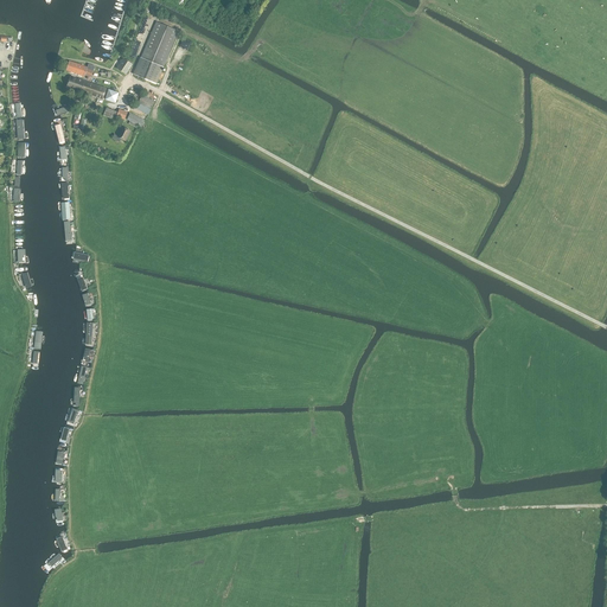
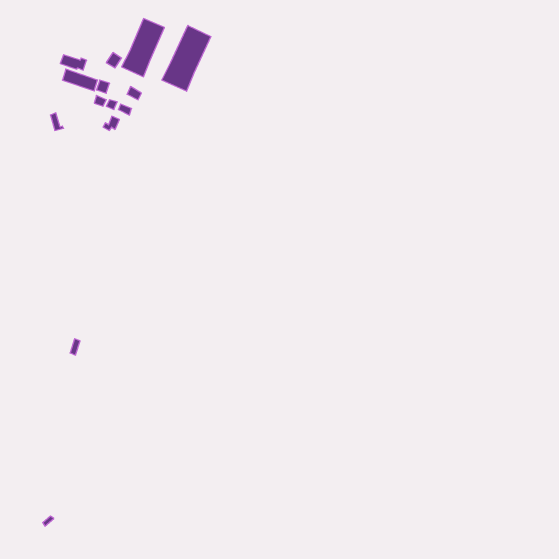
building: none -> [162,25,211,91]

